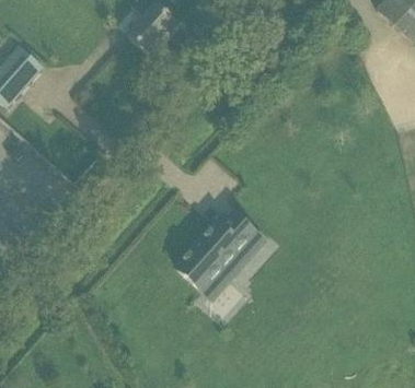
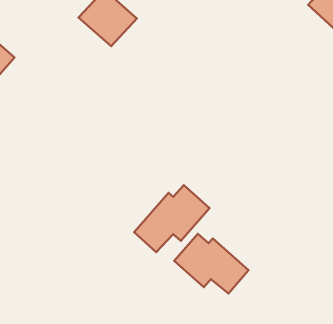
building: none -> [174,234,249,294]

